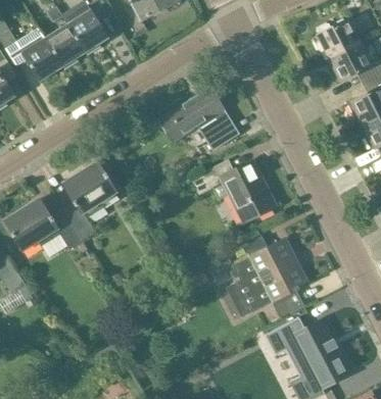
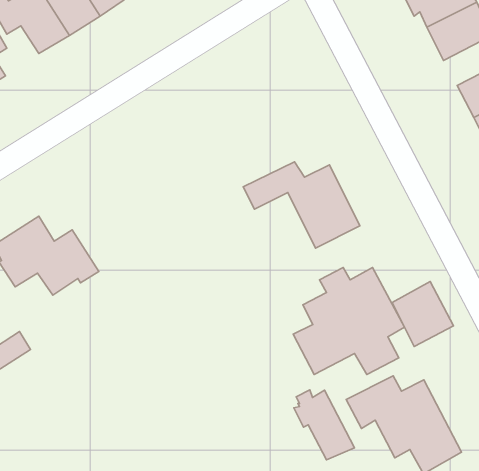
building: [160,89,240,150] -> none
building: [64,162,116,240] -> none
building: none -> [392,281,453,346]
building: none -> [294,390,354,460]

